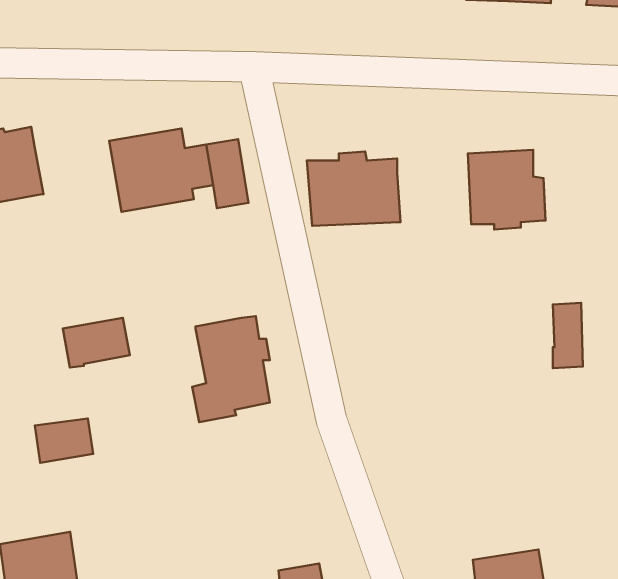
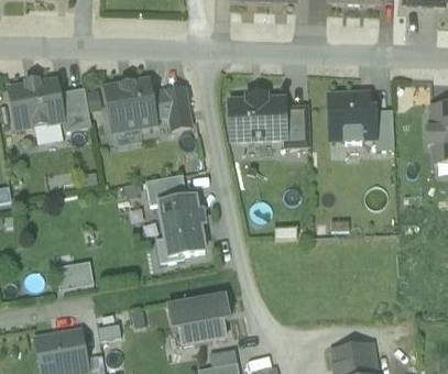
building: none -> [58,88,91,132]
building: none -> [284,107,310,147]
building: [553,303,583,368] -> [375,110,394,151]
building: [63,318,130,367] -> [145,175,187,206]
building: none -> [167,295,228,345]

